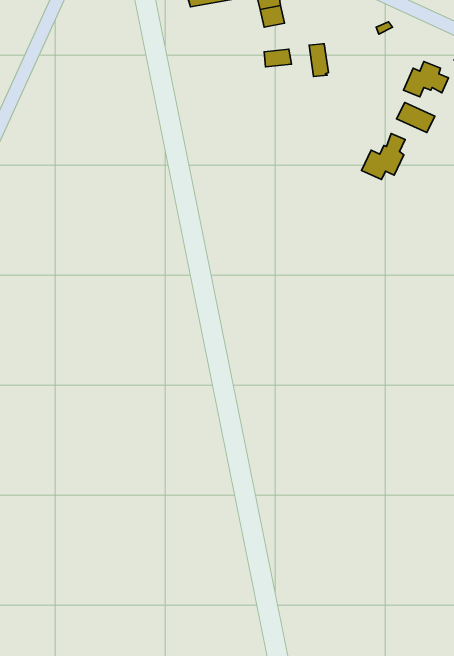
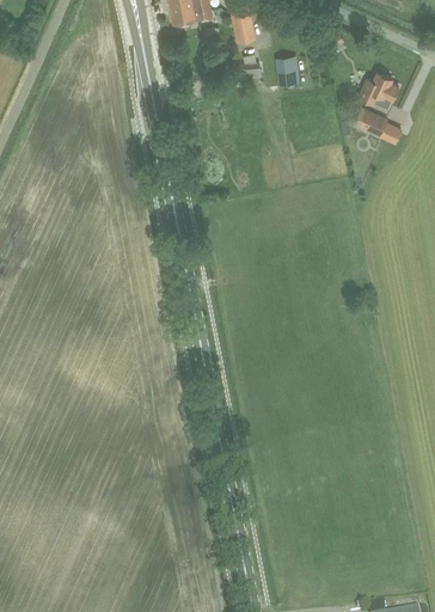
building: [362,133,405,180] -> none

